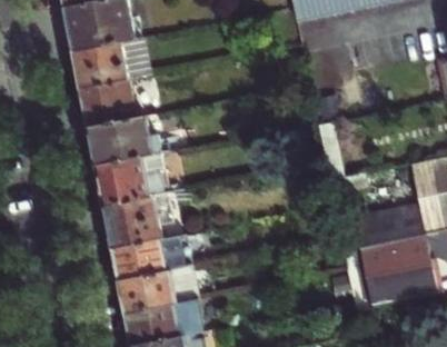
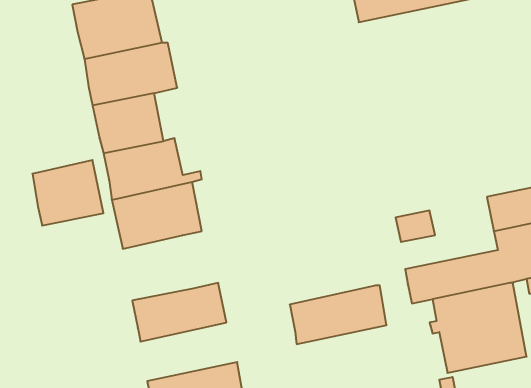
building: [106,195,163,248] -> [32,160,103,226]
building: [120,266,199,314] -> [290,285,387,344]

